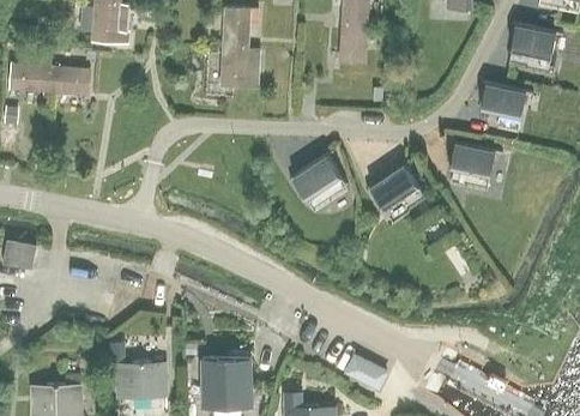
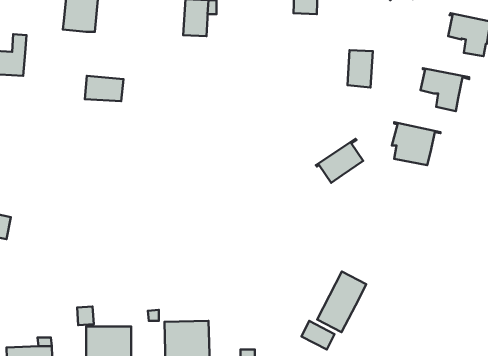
building: [340,23,368,64] -> [347,50,373,88]
building: [222,47,260,88] -> none
building: [49,66,91,94] -> [85,76,123,101]
building: [290,150,340,198] -> none
building: none -> [317,272,366,332]

